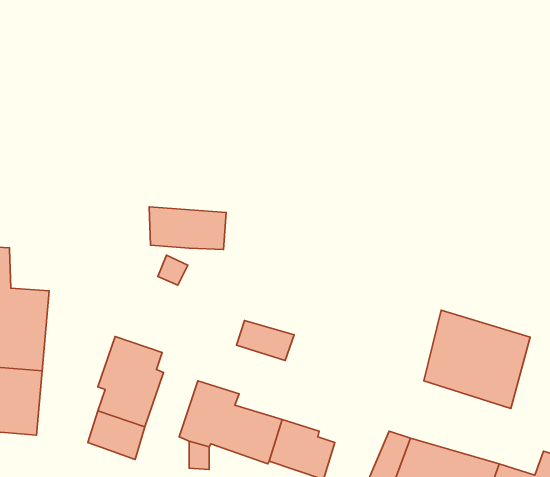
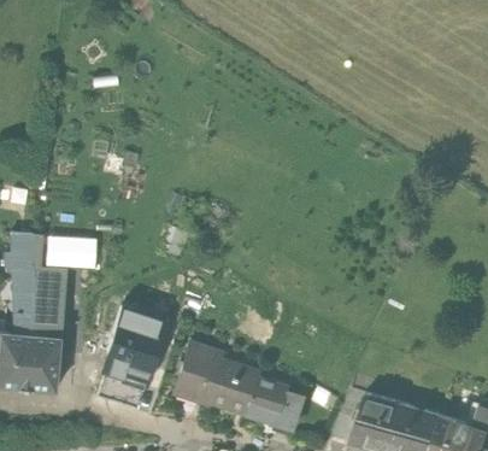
building: [149,207,226,250] -> [30,234,95,270]
building: [424,310,530,408] -> none
building: [236,321,294,360] -> none

